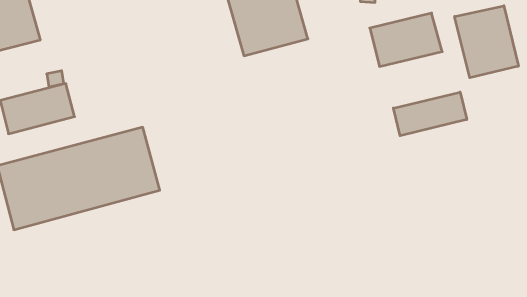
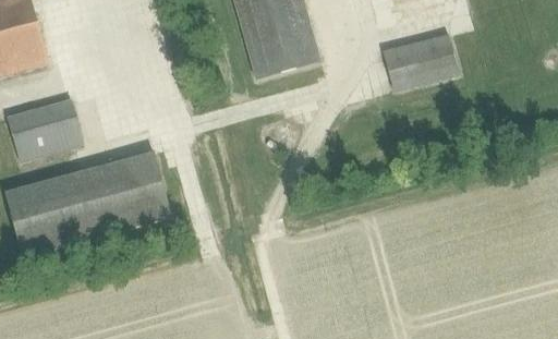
building: [455,6,518,78] -> none
building: [393,92,467,136] -> none

